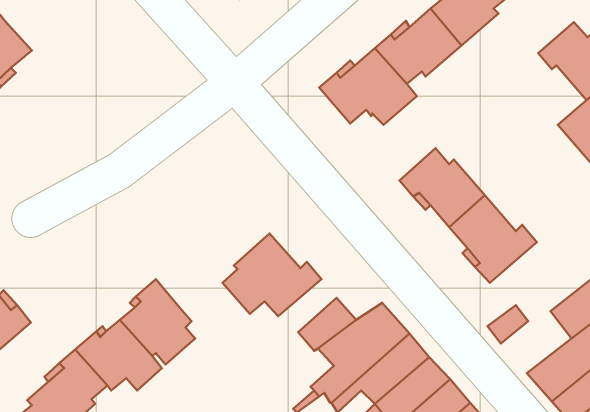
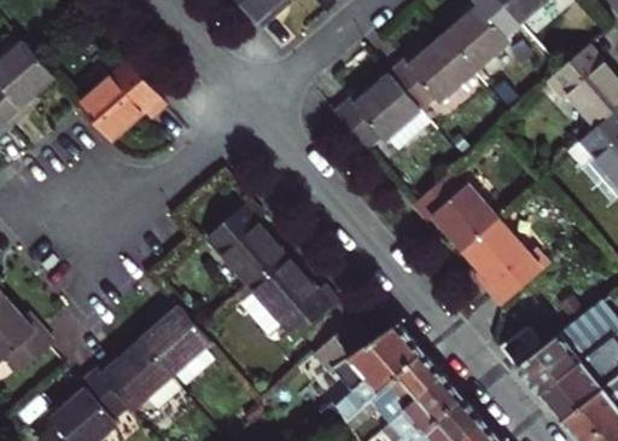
building: none -> [80,60,167,140]
building: none -> [208,199,287,288]
building: none -> [515,332,582,393]

